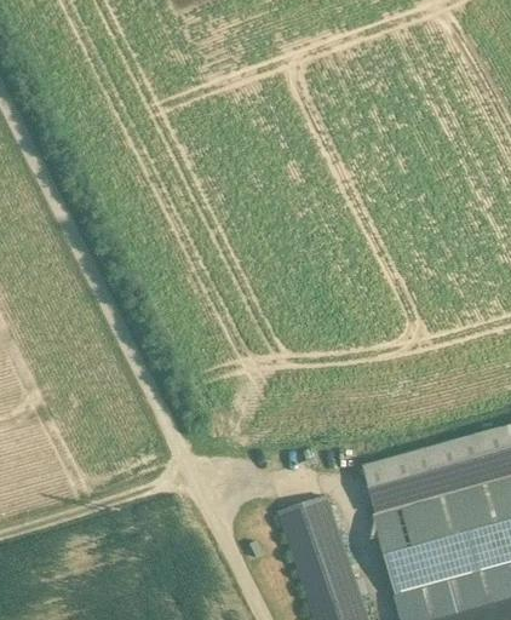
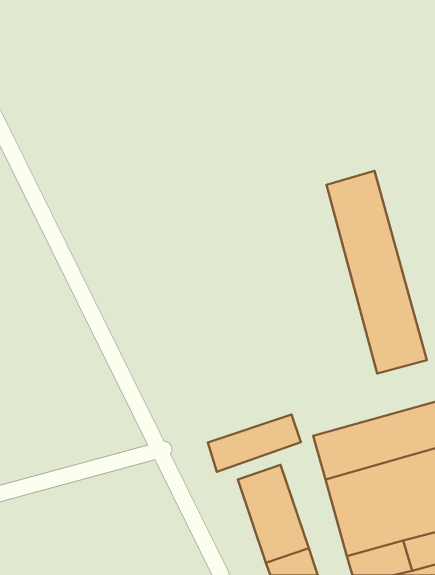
building: none -> [327,171,427,374]
building: none -> [208,414,301,472]

